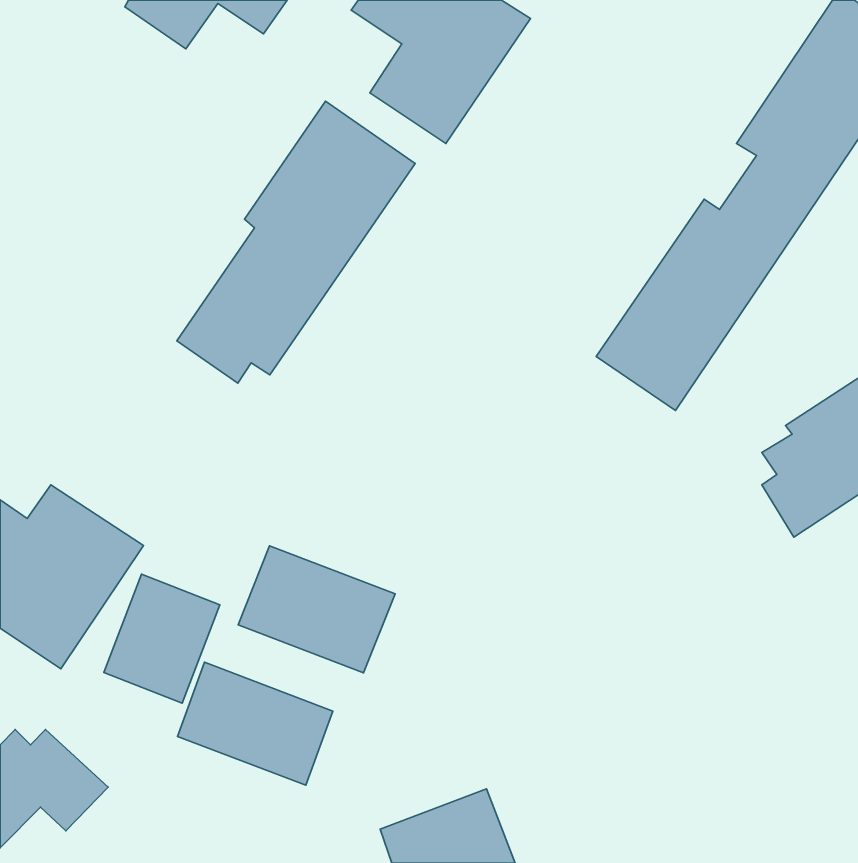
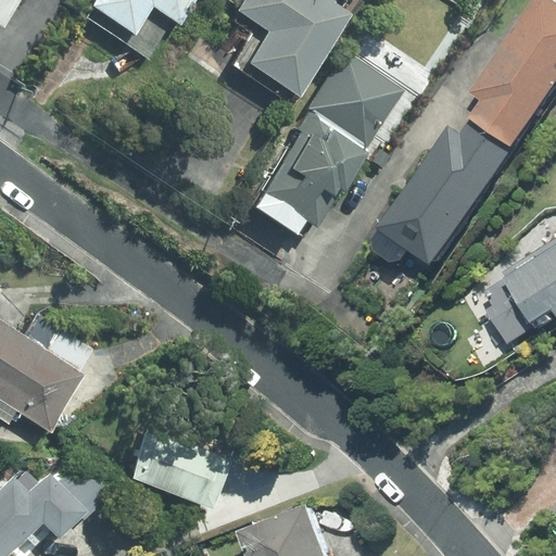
building: [177,101,415,383] -> [245,49,399,230]
building: [238,546,395,673] -> none
building: [104,574,220,703] -> none

